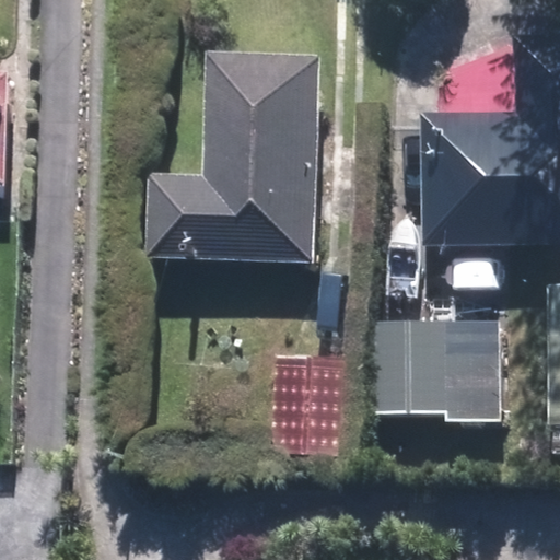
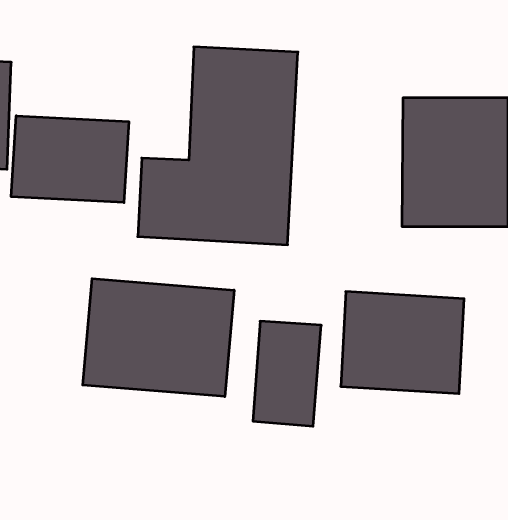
building: none -> [11,116,129,203]
building: none -> [83,279,234,397]

